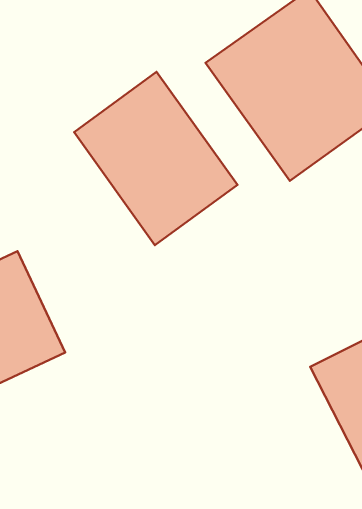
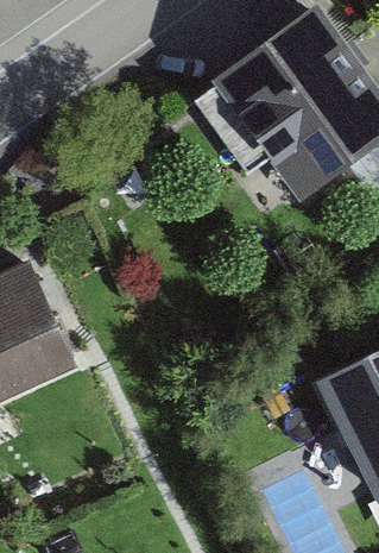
building: [74,72,237,245] -> none

